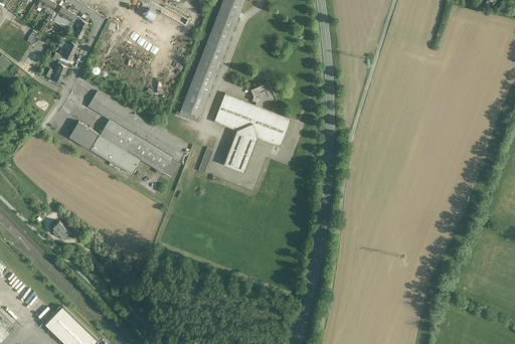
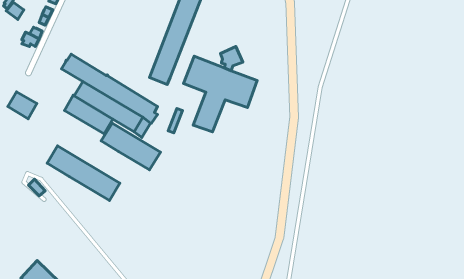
building: [67,121,98,149] -> [8,92,37,119]
building: none -> [101,123,160,170]
building: none -> [47,146,120,201]

